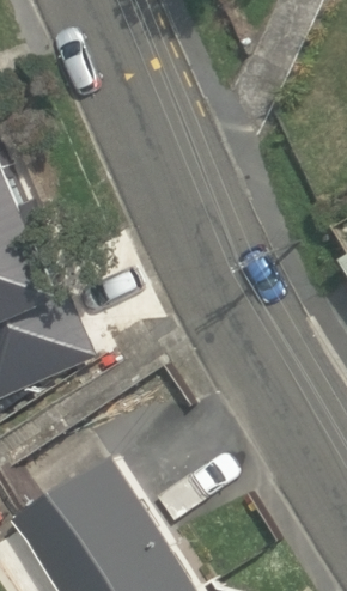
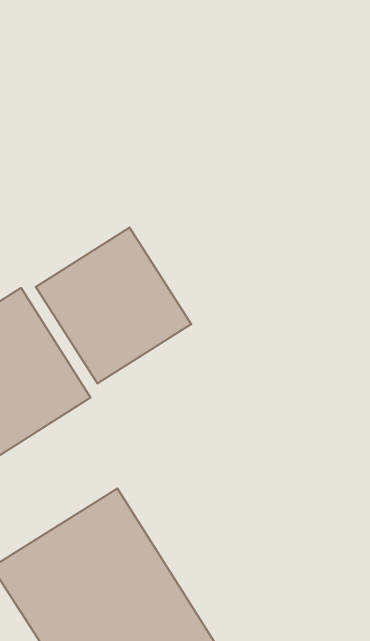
building: none -> [36,227,191,384]

